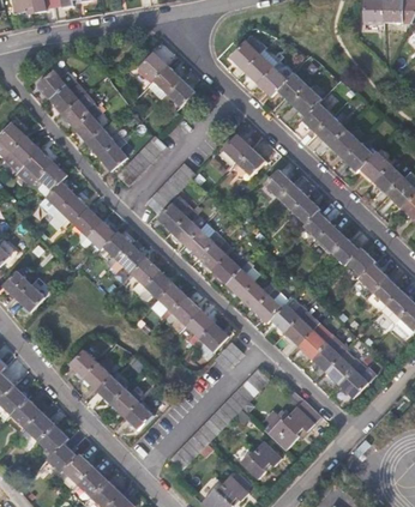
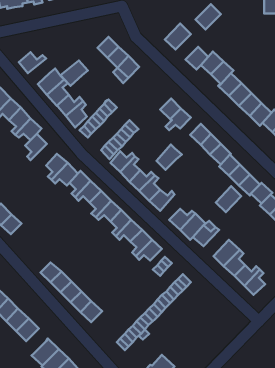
building: [247,49,281,83] -> [195,4,221,30]
building: [52,82,88,115] -> [61,61,88,86]
building: [50,194,90,229] -> none
building: [227,261,260,295] -> [156,145,182,170]
building: [284,308,318,343] -> [216,186,241,212]
building: [263,399,318,447] -> none
building: [240,439,279,475] -> none
building: [41,442,76,477] -> none

